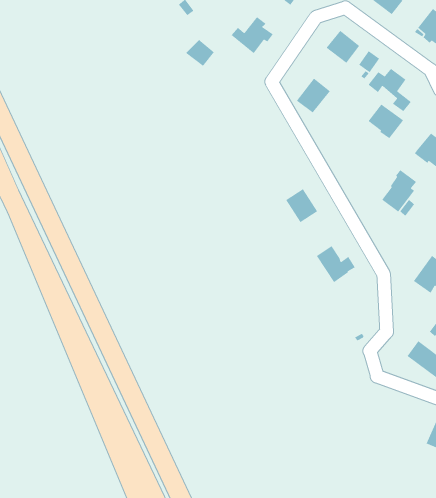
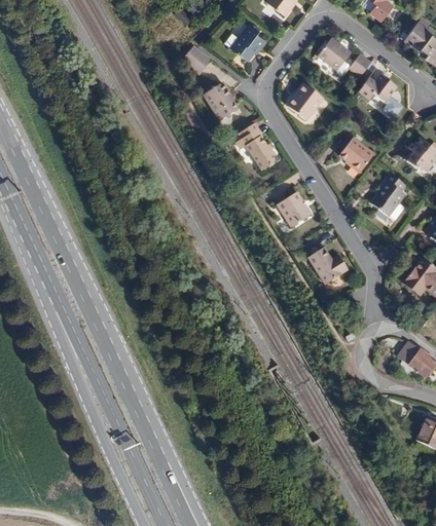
building: none -> [205,82,238,120]
building: [367,103,404,139] -> [339,138,375,173]
building: none -> [237,132,278,173]

